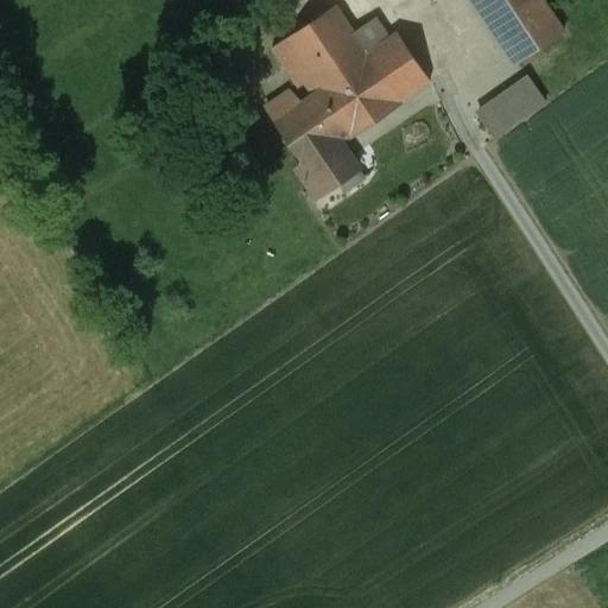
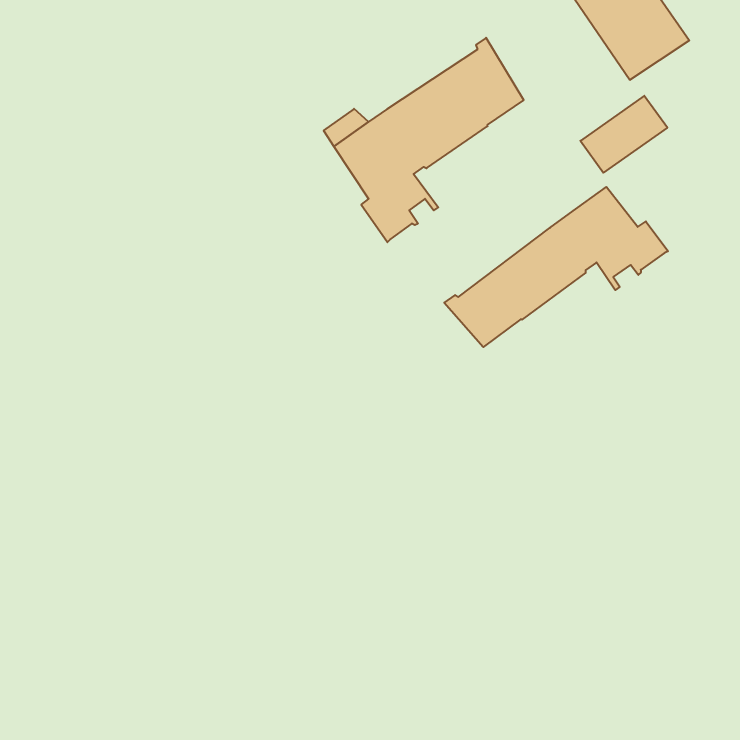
building: [271,6,391,89] -> none
building: none -> [444,187,668,347]

